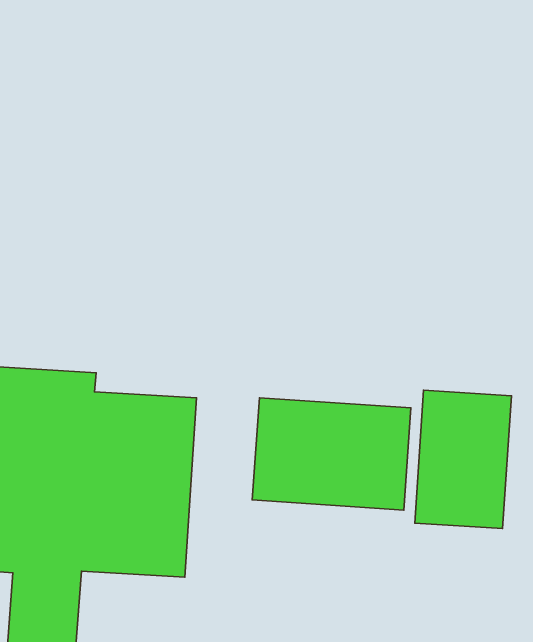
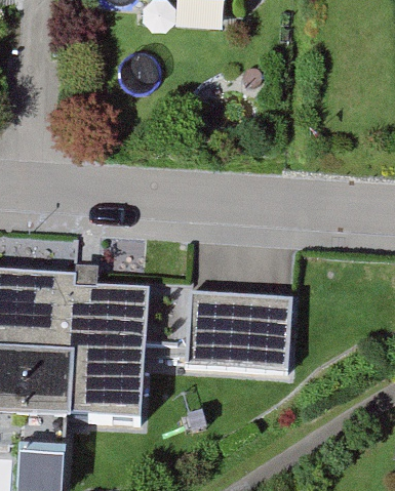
building: [415,390,512,529] -> none

